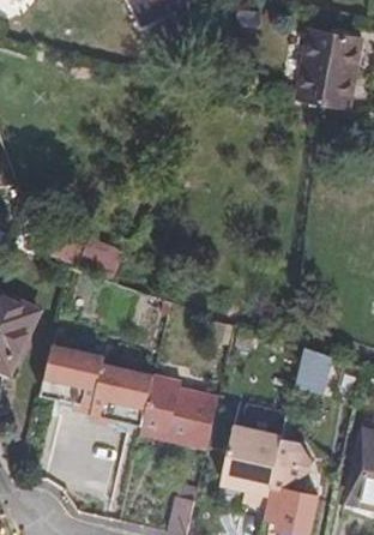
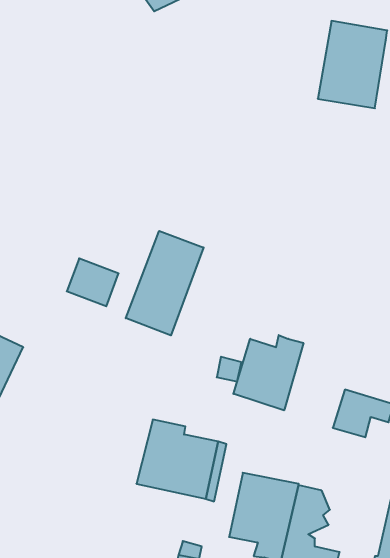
building: none -> [126,231,204,335]
building: none -> [233,335,303,410]
building: [40,347,152,433] -> none

